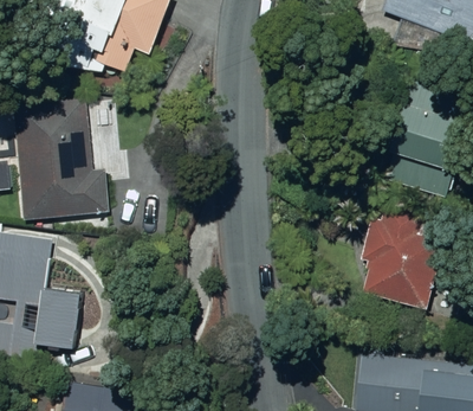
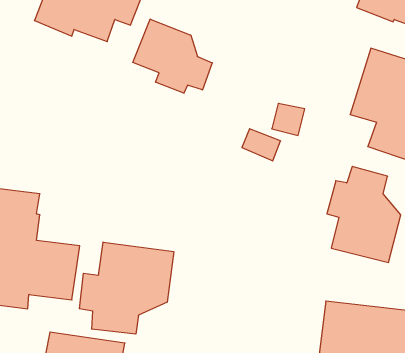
building: none -> [133,19,212,93]
building: [14,101,106,220] -> none
building: none -> [79,242,174,334]

